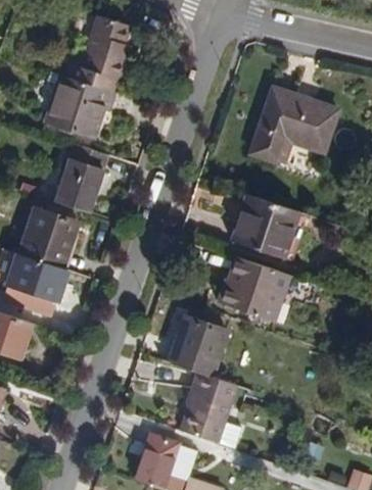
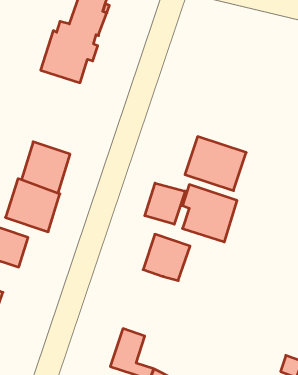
building: [245,88,330,162] -> none
building: [36,142,109,212] -> none
building: none -> [145,183,185,224]
building: [180,370,243,447] -> none

